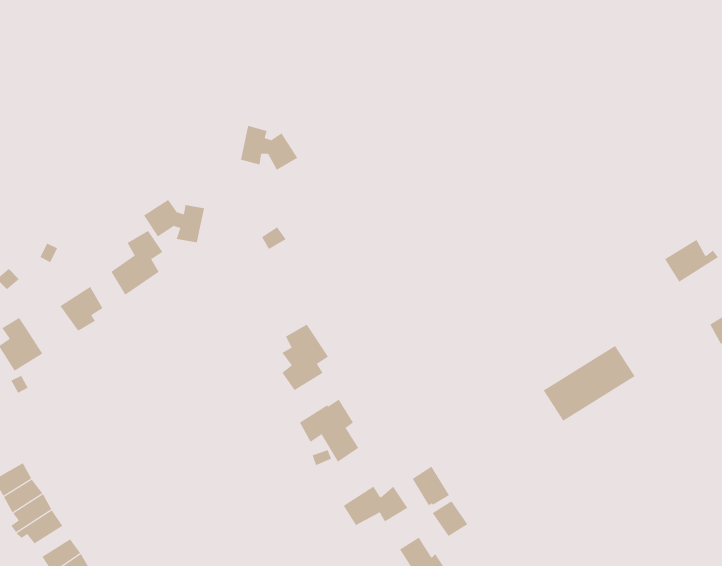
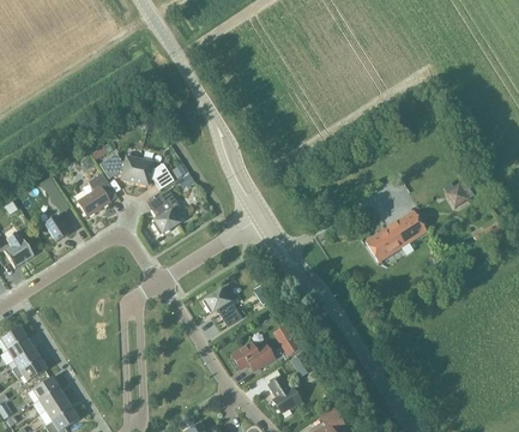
building: [240,125,298,171] -> [135,158,174,188]
building: [282,324,329,391] -> [152,190,183,234]
building: [543,345,636,421] -> [366,210,427,260]

